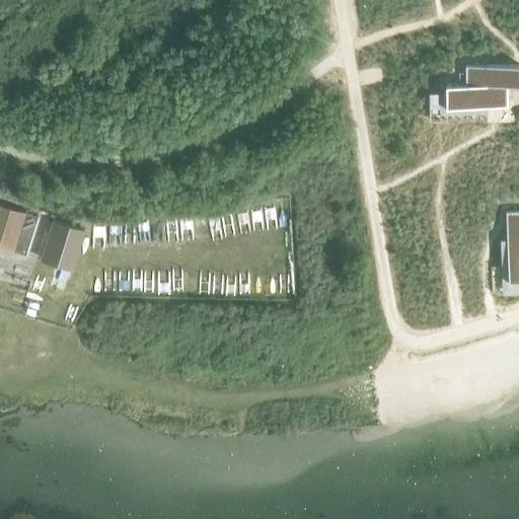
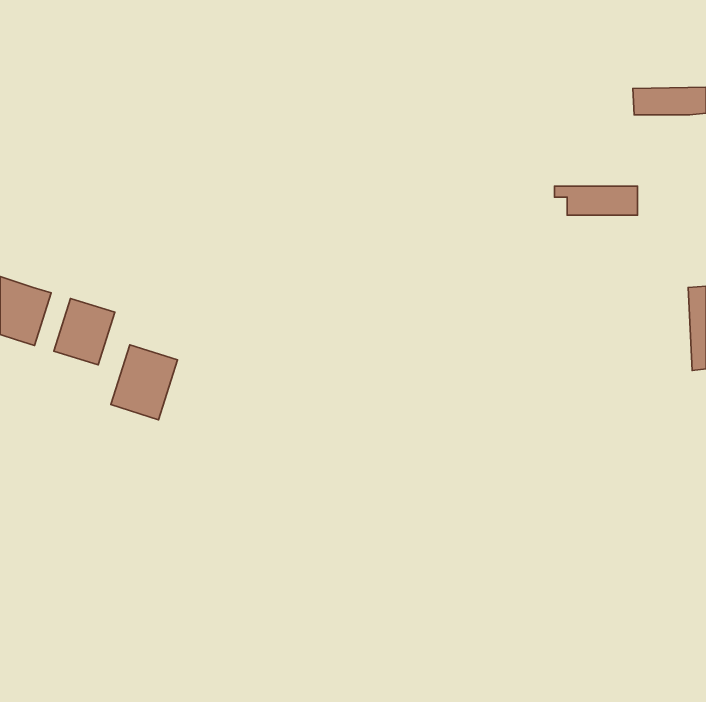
building: [445,87,506,108] -> [555,186,638,215]
building: none -> [111,345,178,420]

